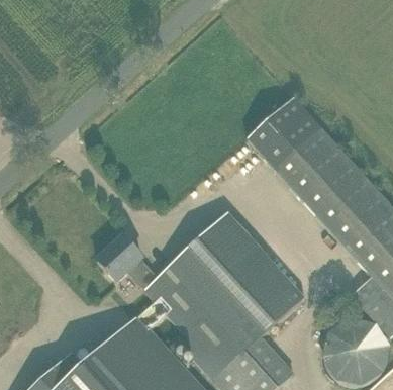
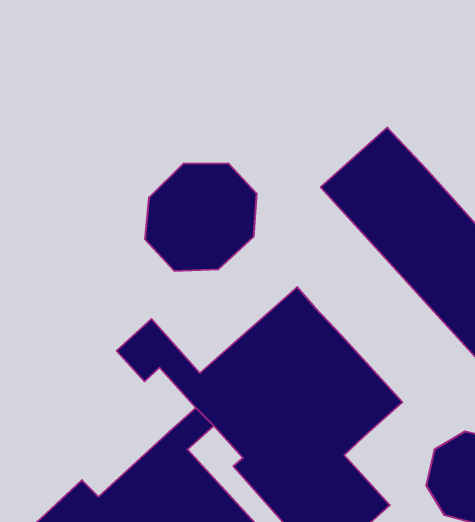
building: none -> [145,163,257,271]

